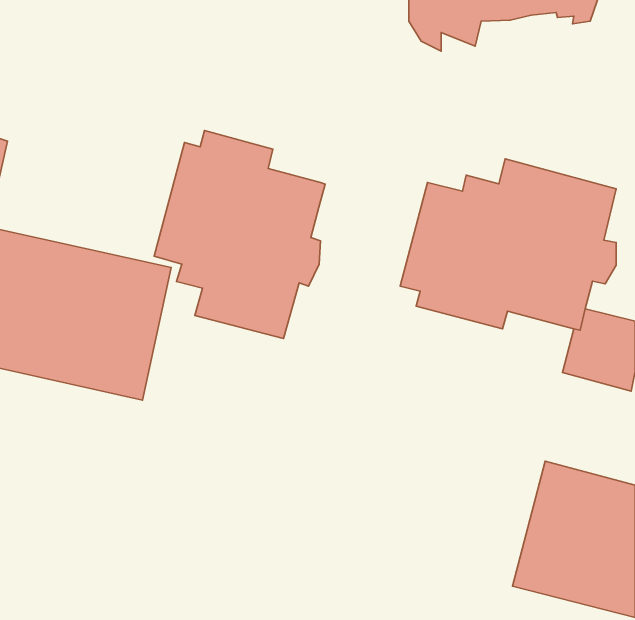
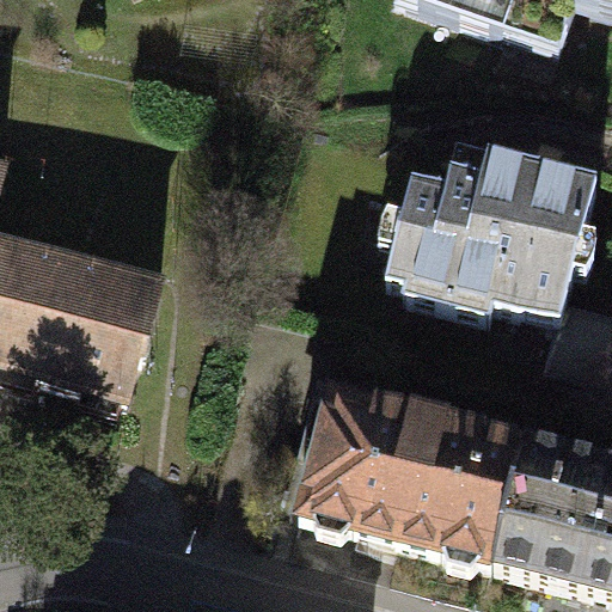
building: [154,131,325,338] -> none
building: none -> [294,390,521,568]

